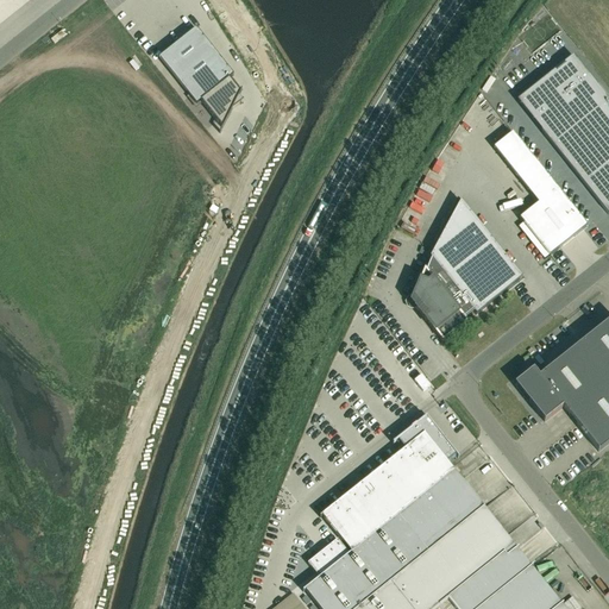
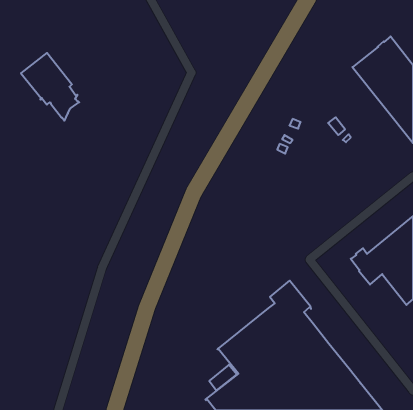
building: [158,25,244,125] -> [21,53,79,121]
building: [494,130,588,252] -> none
building: [414,197,522,338] -> none

